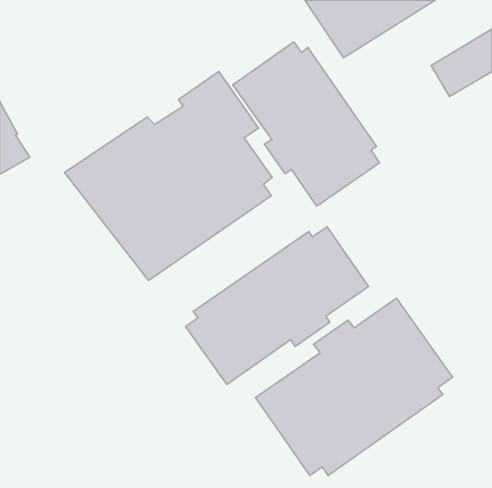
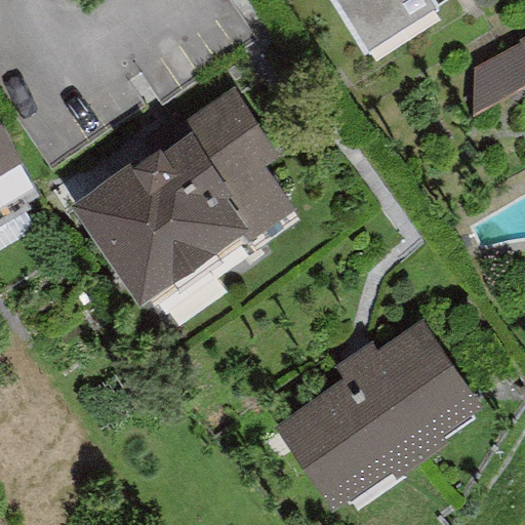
building: [233,42,380,206] -> none
building: [186,227,368,385] -> none

